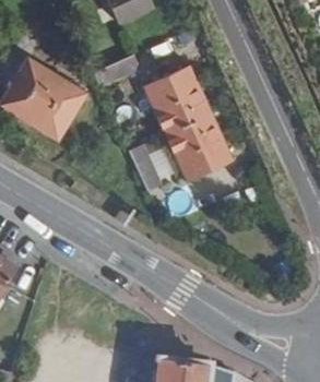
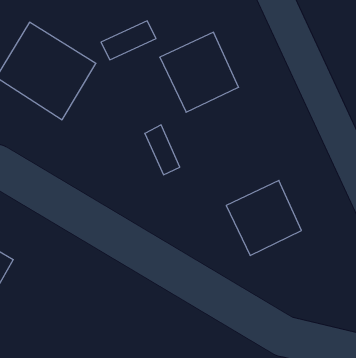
building: [166,114,232,179] -> [226,180,301,255]

